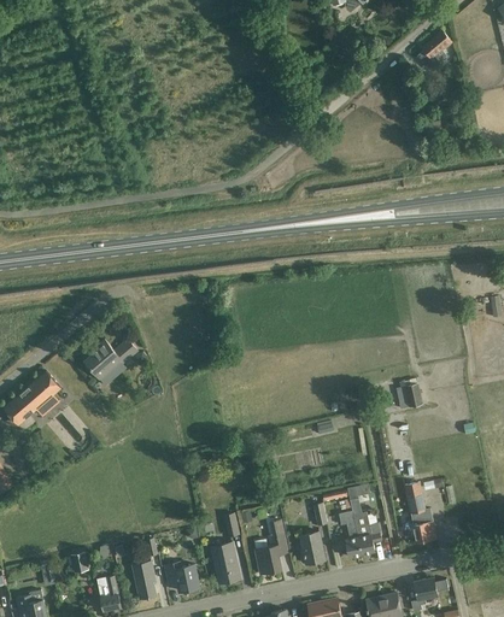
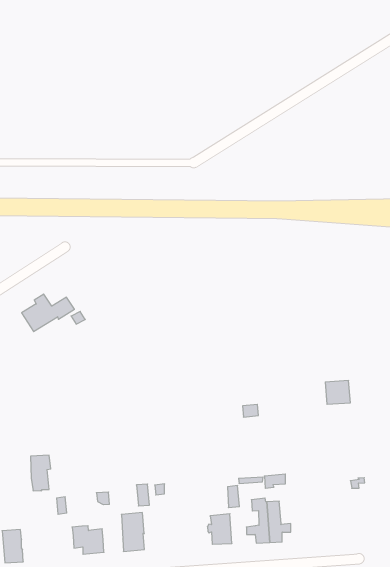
building: [403,482,435,542] -> none
building: [253,519,287,574] -> none
building: [133,562,156,599] -> [31,455,51,491]

